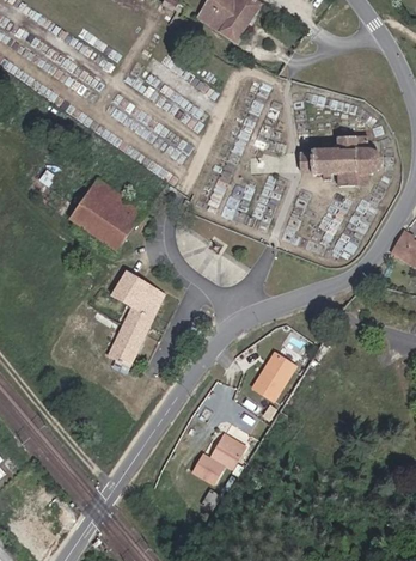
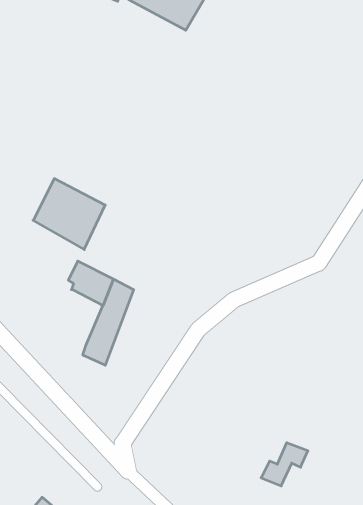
building: [300,129,377,183] -> none
building: [259,352,300,397] -> none
building: [196,435,244,477] -> [261,443,308,486]

